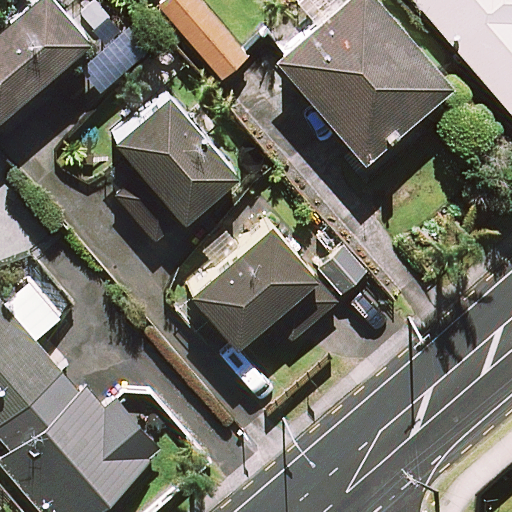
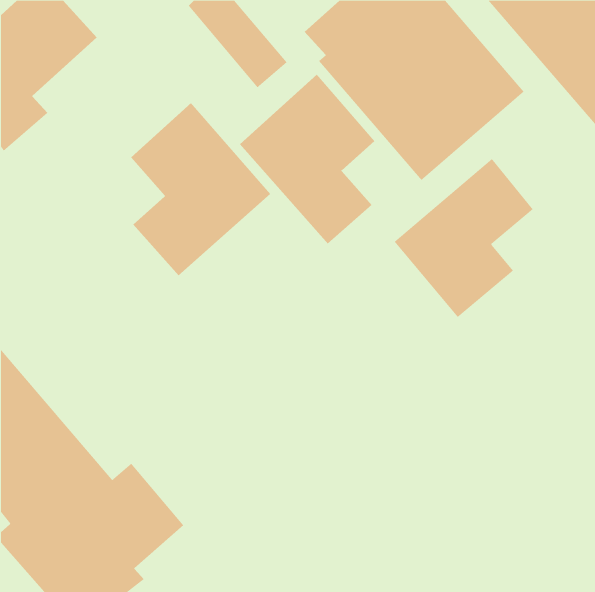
building: none -> [239,74,375,245]
building: none -> [394,158,534,318]
building: [190,223,366,344] -> none

